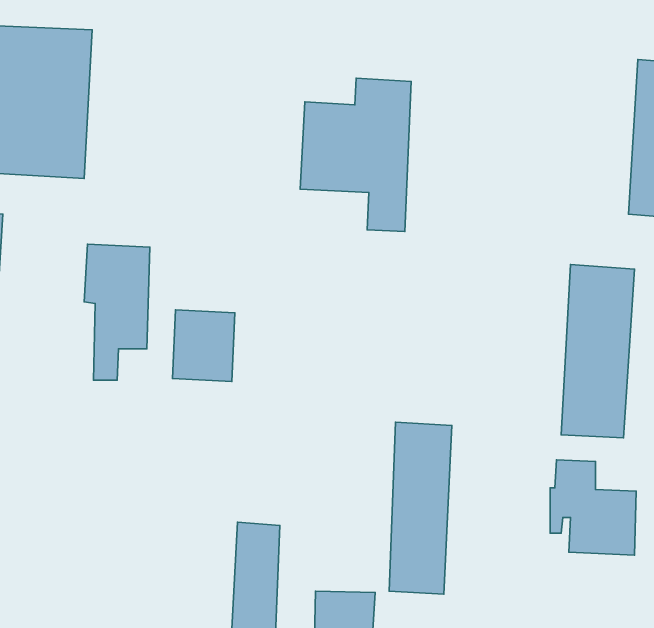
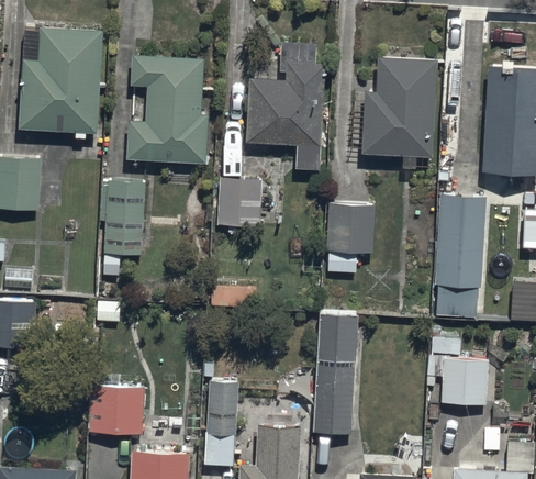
building: none -> [127,55,209,165]
building: none -> [366,60,438,157]
building: none -> [326,207,372,276]
building: [172,310,235,382] -> [217,178,261,229]
building: none -> [88,389,144,438]

